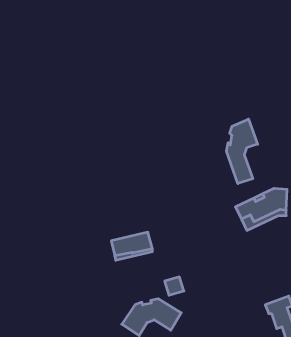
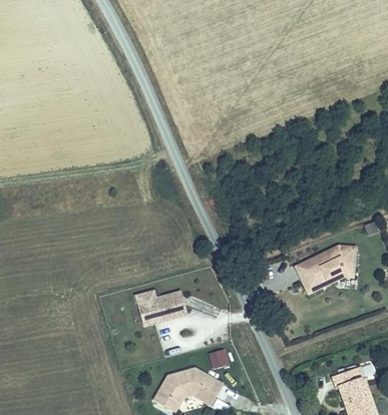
building: [227,119,258,184] -> none

